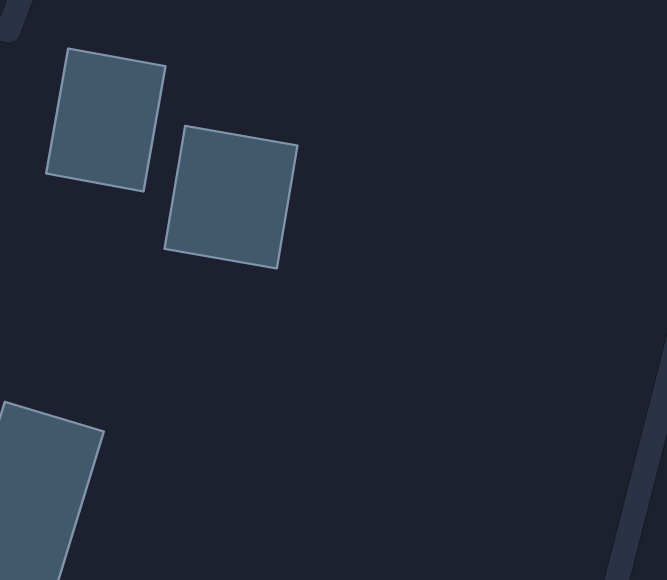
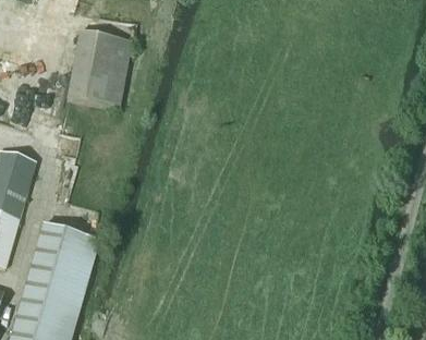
building: [165,126,297,268] -> none

